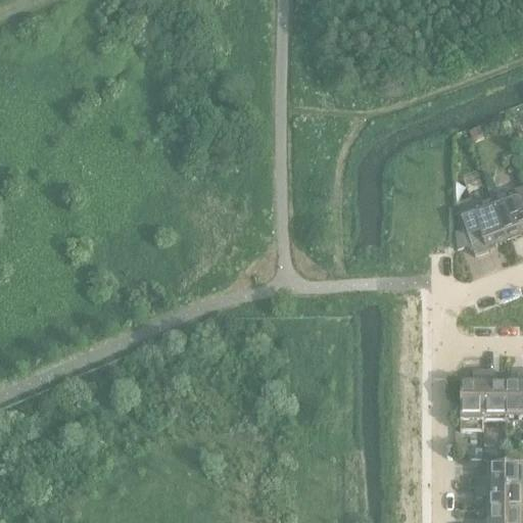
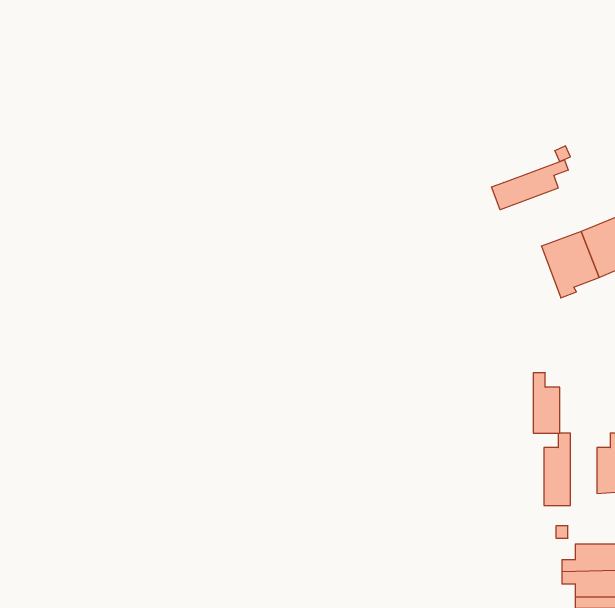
building: none -> [492,160,568,210]
building: [484,367,507,418] -> [533,373,560,433]

